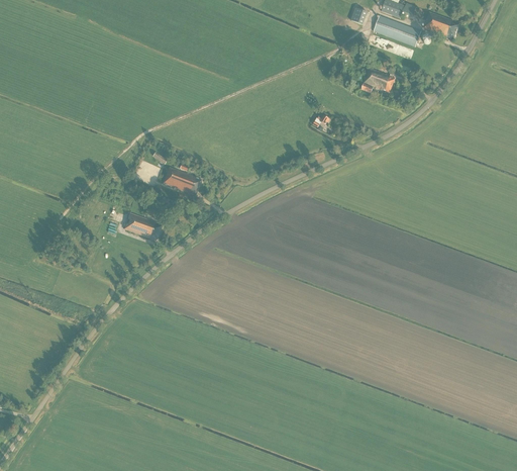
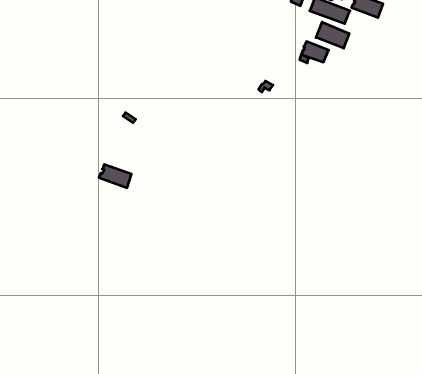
building: none -> [316,22,349,48]
building: [163,167,201,195] -> none

